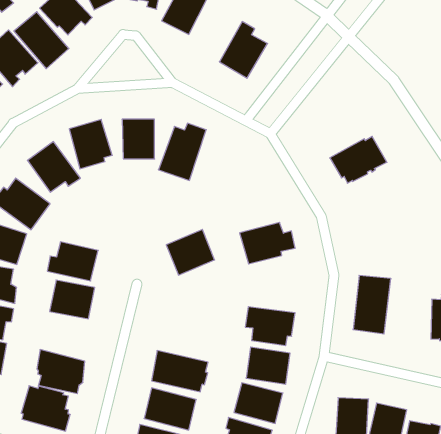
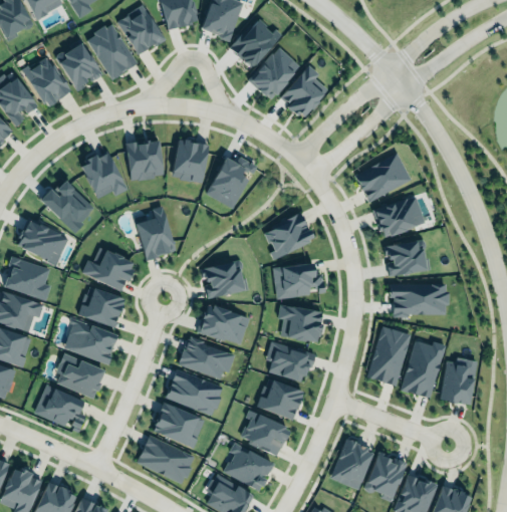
building: none -> [248,47,301,101]
building: none -> [353,150,411,202]
building: none -> [264,215,314,260]
building: none -> [386,242,427,277]
building: none -> [134,206,176,261]
building: none -> [390,284,449,317]
building: none -> [278,307,323,342]
building: none -> [197,301,251,347]
building: none -> [401,339,446,400]
building: none -> [177,335,234,379]
building: none -> [69,319,116,364]

